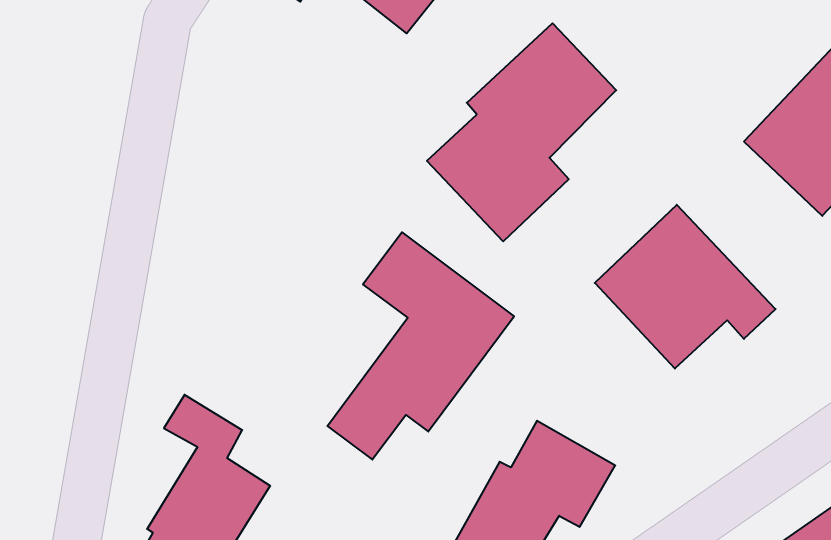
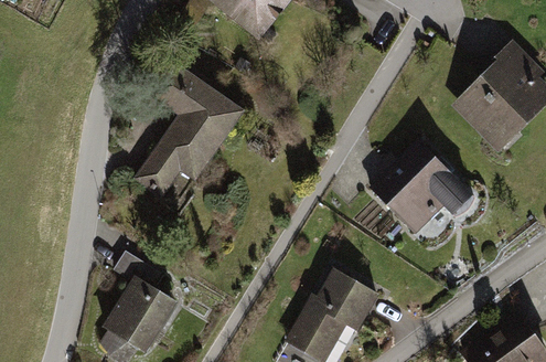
building: [427,23,616,241] -> none
building: [327,232,514,460] -> [131,63,242,198]

